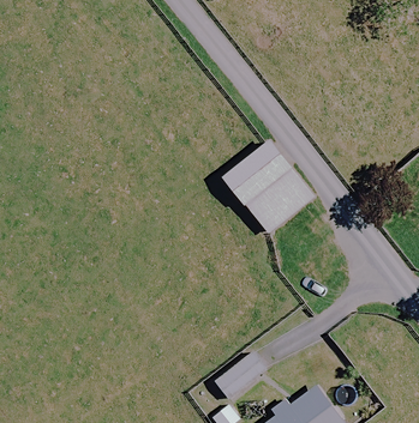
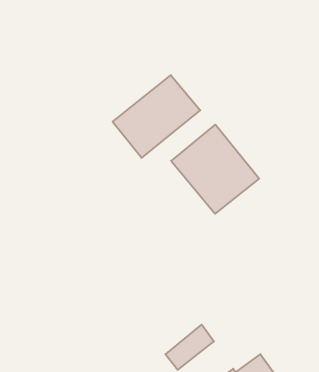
building: none -> [113,75,200,158]

